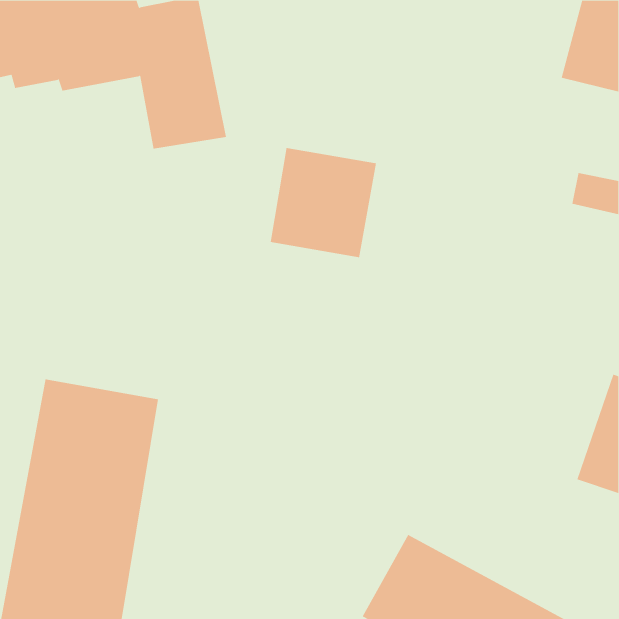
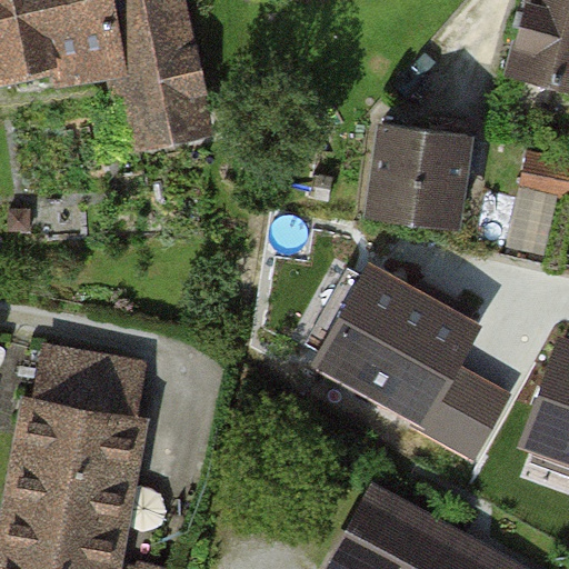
building: [270,147,377,258] -> [371,124,469,226]
building: none -> [320,271,505,456]

